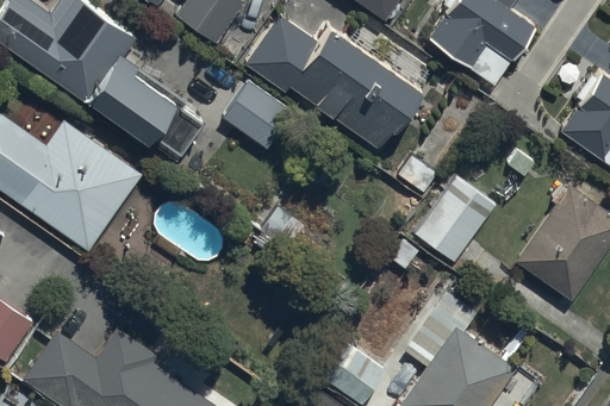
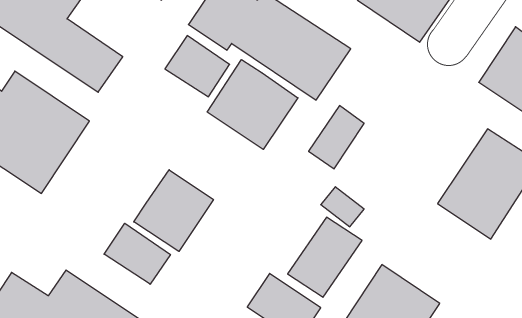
building: none -> [207,60,298,149]
building: [418,177,498,263] -> [288,217,362,297]
building: none -> [134,170,213,251]
building: none -> [104,223,170,284]

